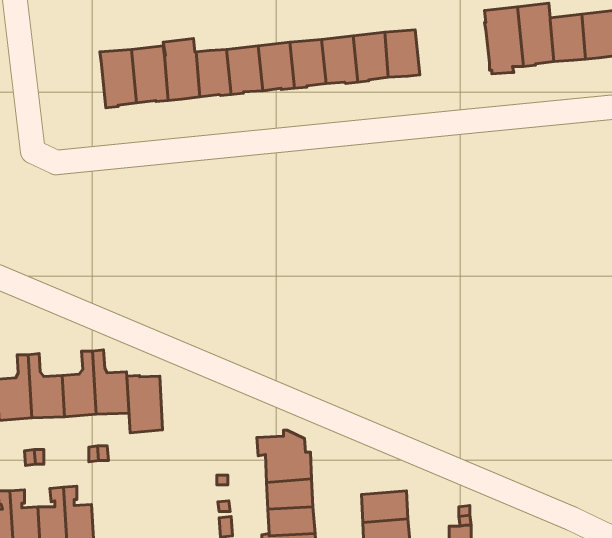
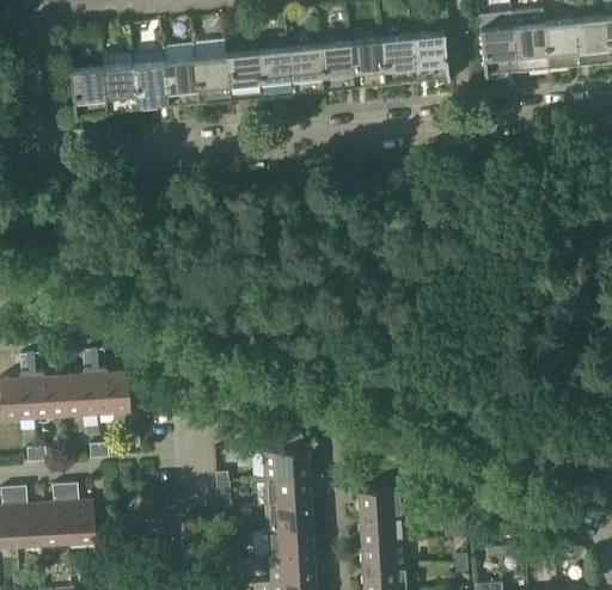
building: none -> [410,31,448,80]
building: none -> [69,67,106,116]
building: [127,375,163,433] -> none

